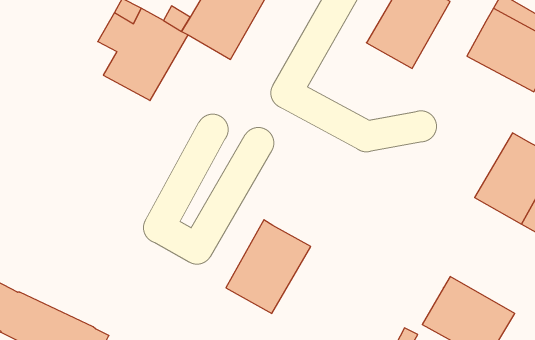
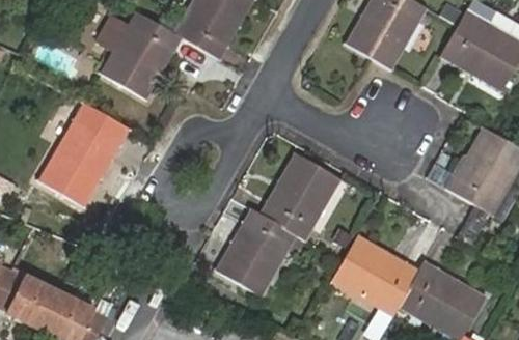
building: none -> [39,102,128,205]
building: none -> [258,152,337,238]
building: none -> [332,238,417,313]

